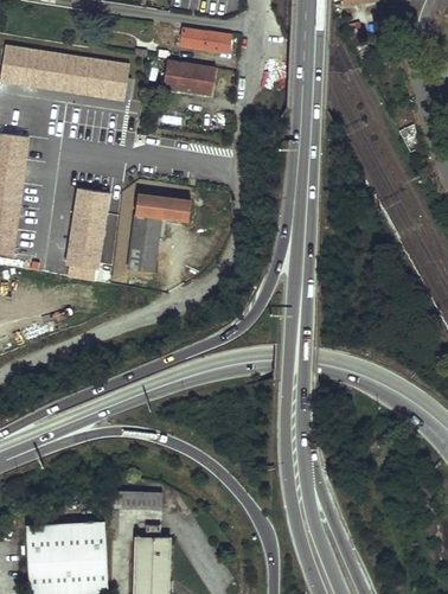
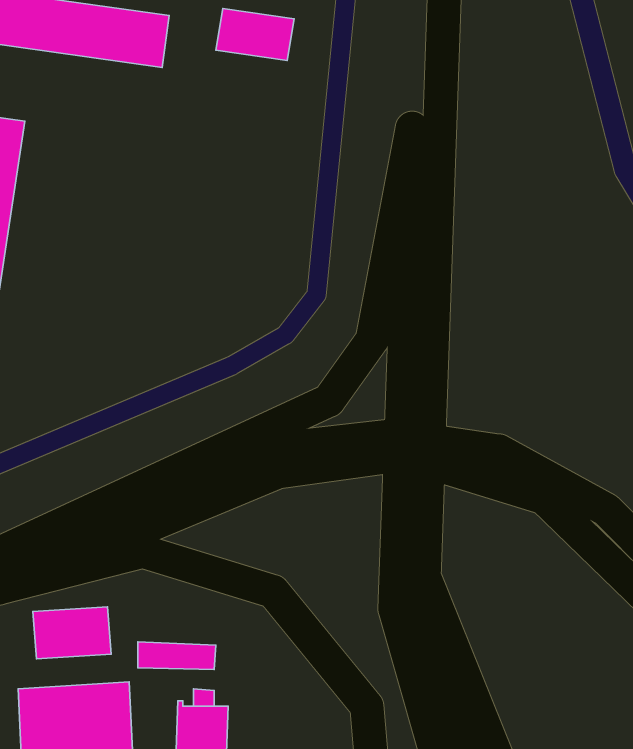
building: [66,187,109,269] -> none
building: [128,193,190,272] -> none
building: none -> [33,607,111,659]

